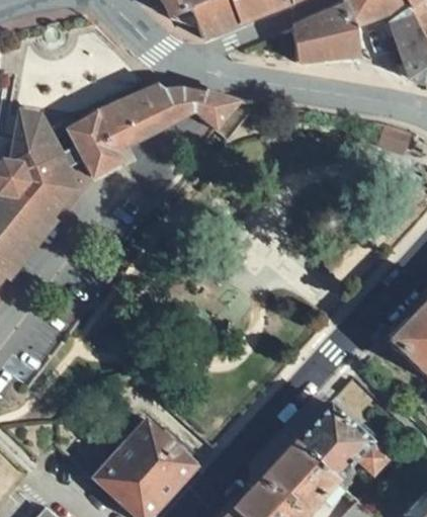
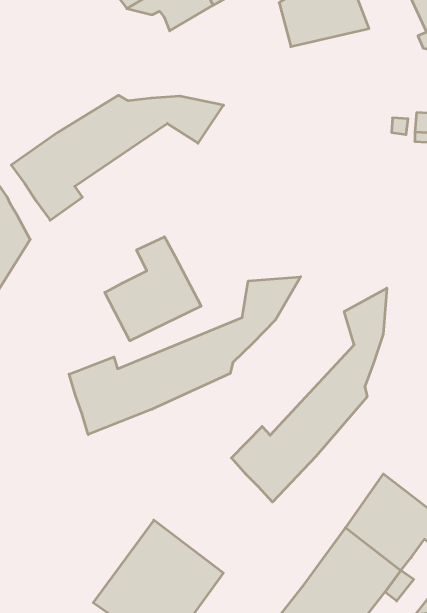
building: none -> [105,237,201,341]
building: none -> [69,277,301,435]
building: none -> [231,288,387,502]

